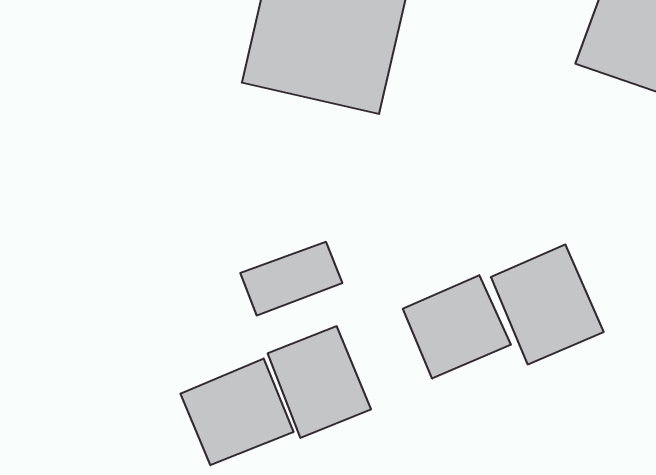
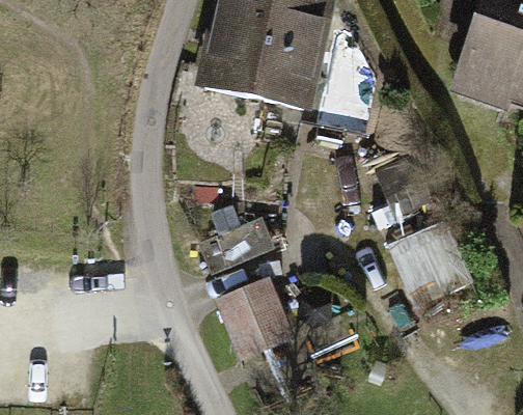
building: [403,275,511,379] -> none
building: [181,358,293,465] -> none

